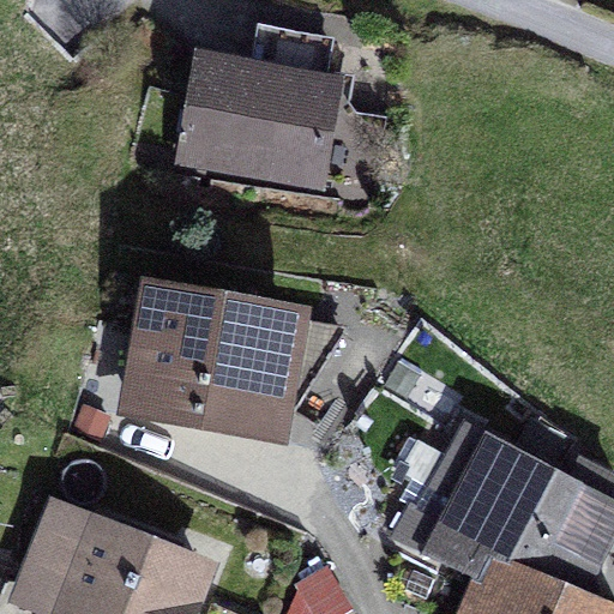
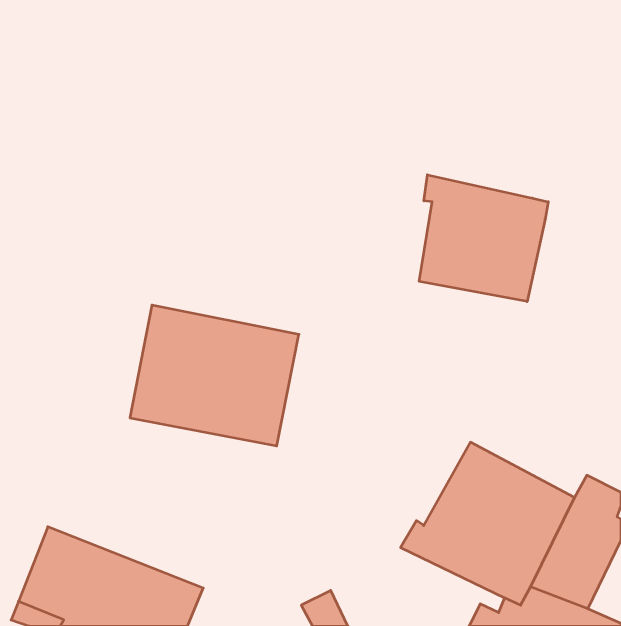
building: [179,31,384,193] -> none
building: none -> [419,175,548,302]

